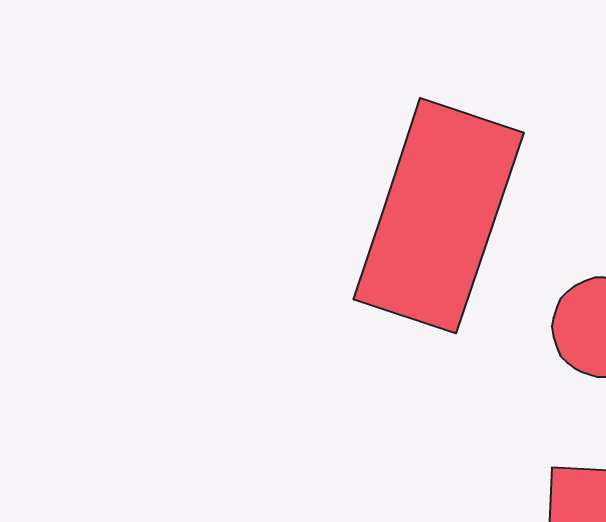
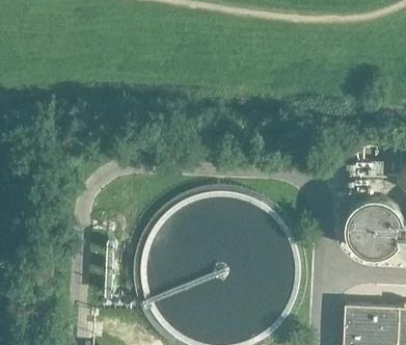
building: [354,98,524,333] -> none

